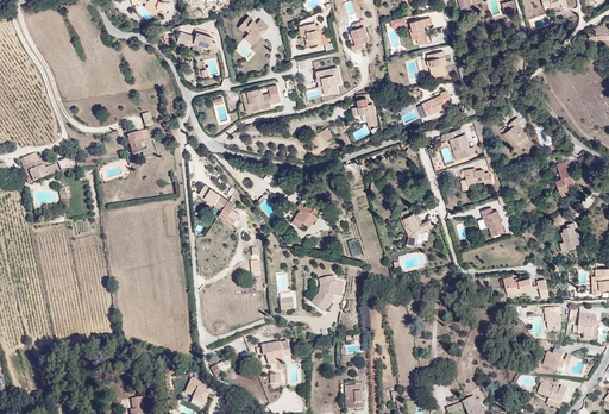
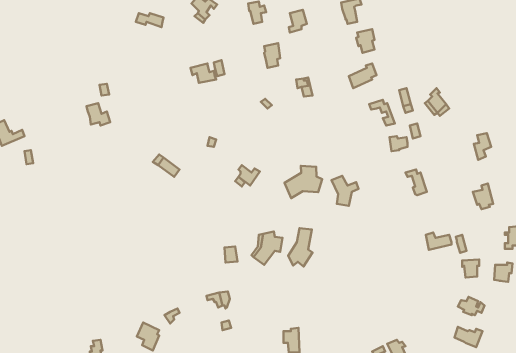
building: none -> [285,166,322,198]
building: none -> [288,228,312,266]

